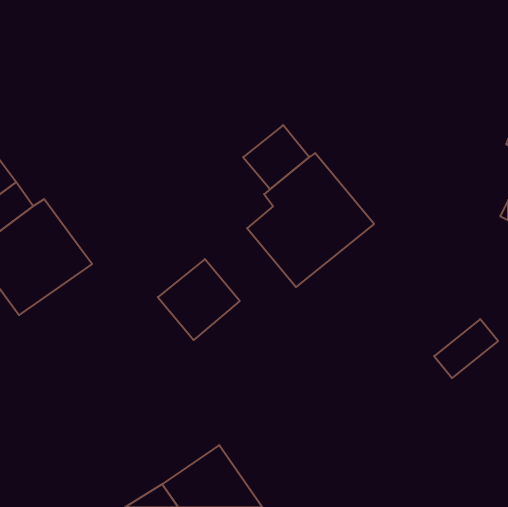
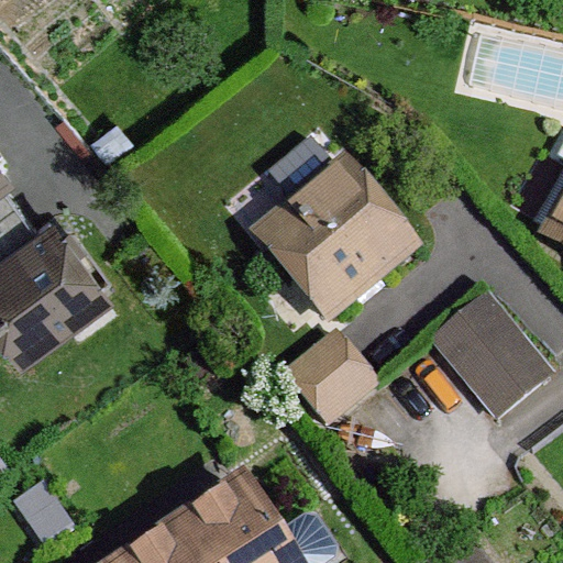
building: [158,259,240,340] -> [286,335,376,424]
building: none -> [432,298,528,391]

